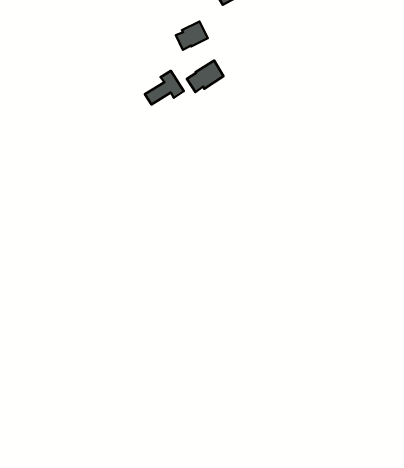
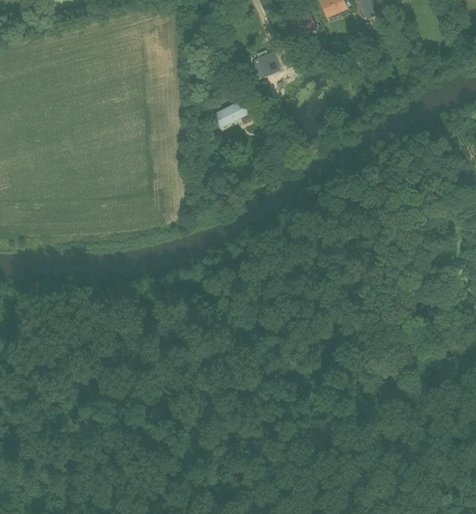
building: [187,61,224,92] -> none

